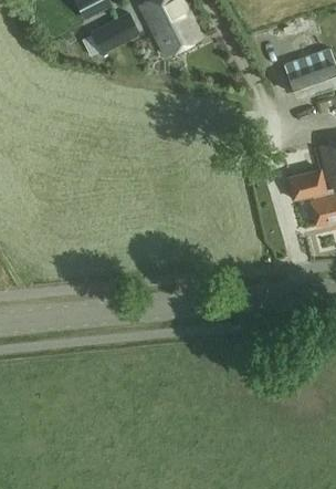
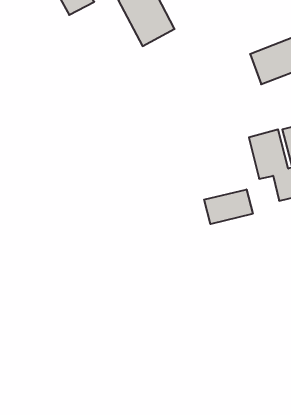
building: [82,14,138,58] -> none
building: none -> [204,189,253,224]

